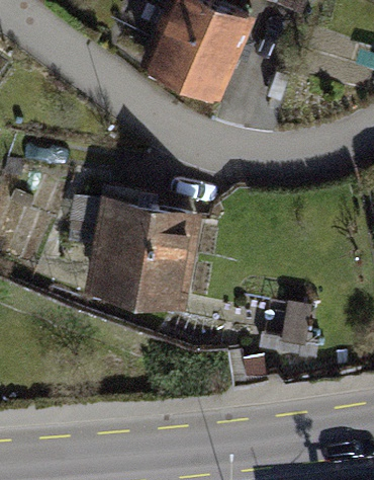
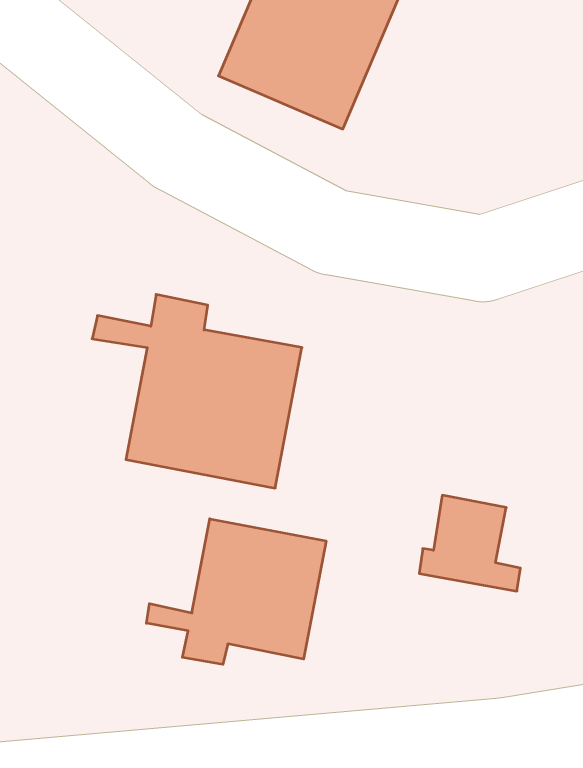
building: none -> [146,519,326,664]

